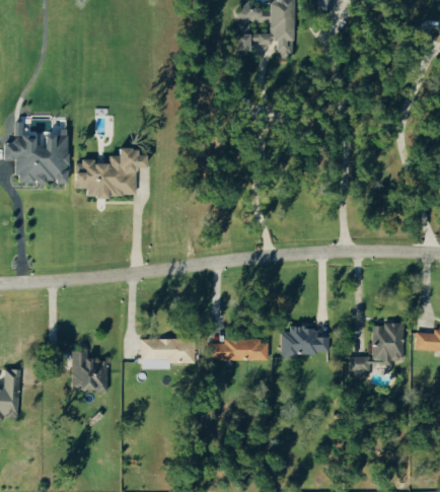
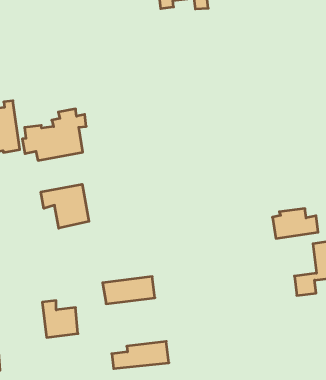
building: none -> [41,184,89,228]
building: [282,327,329,355] -> [272,209,318,238]
building: [208,337,269,360] -> [112,341,169,369]

